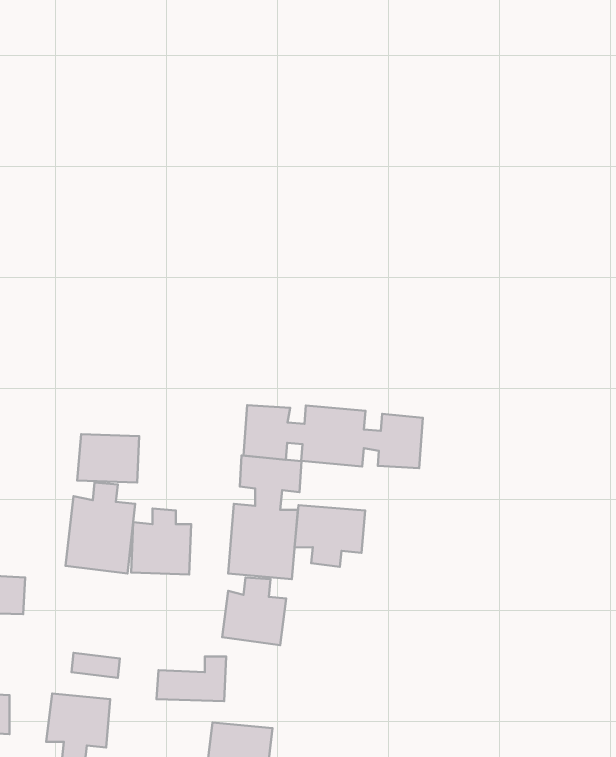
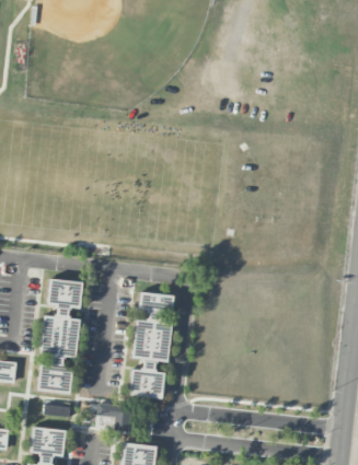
building: [243,405,423,468] -> none
building: [295,505,365,567] -> none
building: [131,509,191,574] -> [38,356,72,393]

